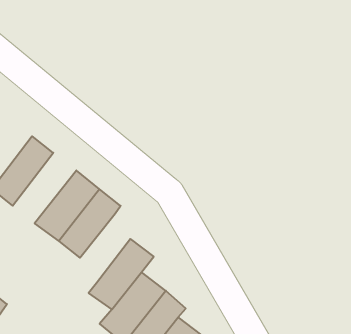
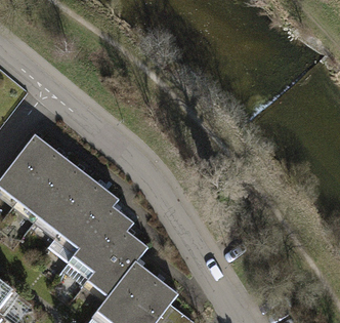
building: none -> [16,150,76,215]
building: none -> [74,206,132,271]

